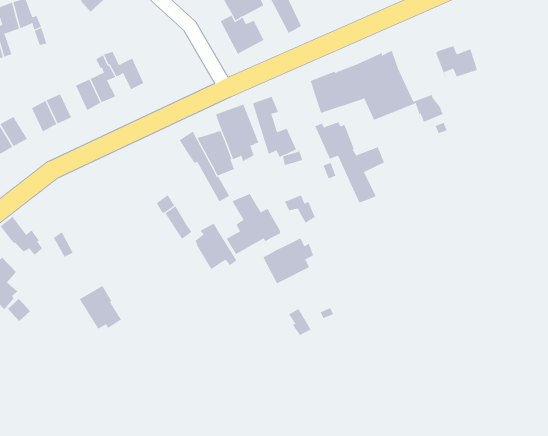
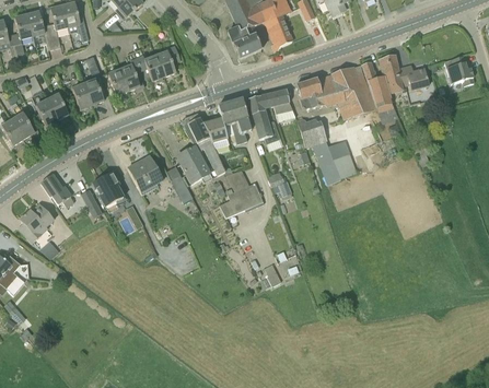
building: none -> [443,56,474,85]
building: none -> [361,55,401,106]
building: none -> [155,45,181,77]
building: none -> [264,89,292,114]
building: none -> [127,155,161,195]
building: [195,223,238,270] -> [177,146,210,184]
building: [263,237,314,284] -> none
building: [79,285,122,330] -> [92,172,125,207]

